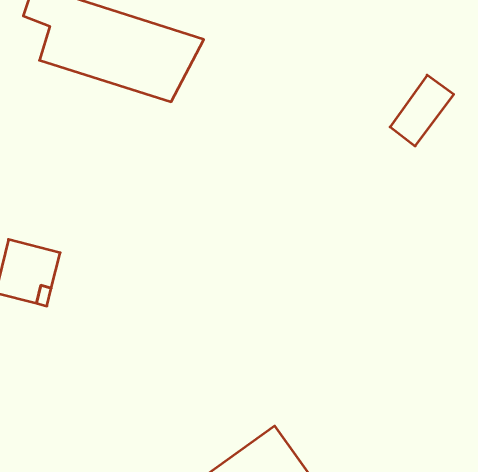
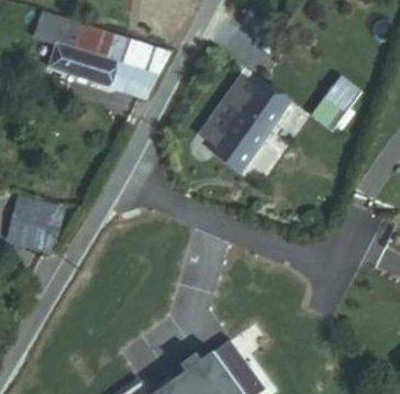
building: none -> [199,78,287,173]

